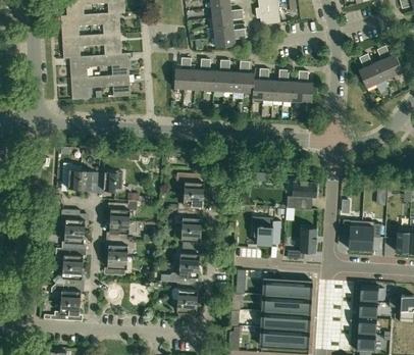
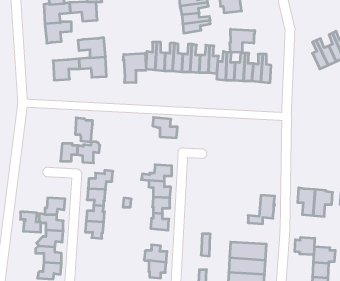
building: [92,34,121,55] -> none
building: none -> [230,29,255,52]
building: [69,56,100,79] -> none
building: none -> [123,53,146,83]
building: [62,163,82,190] -> [75,118,93,142]
building: [176,172,204,195] -> [153,117,177,138]
building: [287,181,317,209] -> none
building: [62,209,85,232] -> [20,212,41,232]
building: [254,220,281,246] -> none
building: [170,264,199,284] -> none
building: none -> [295,237,315,255]

